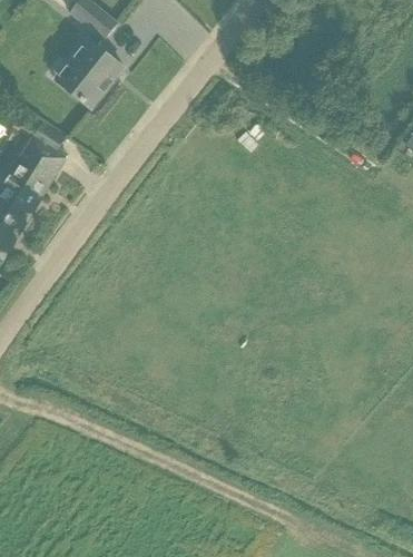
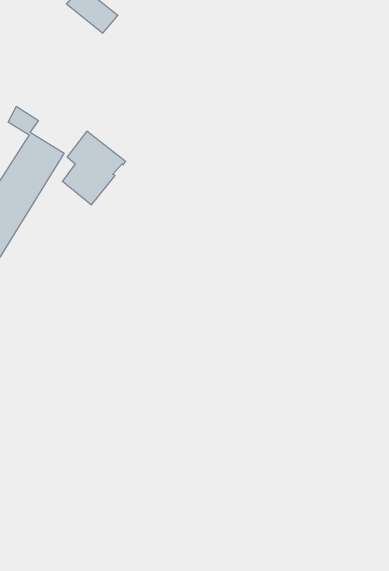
building: [67,33,127,104] -> [62,131,126,205]

